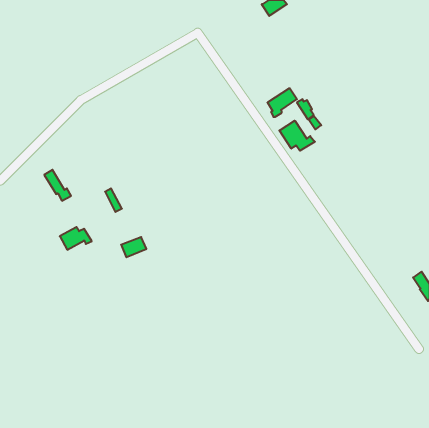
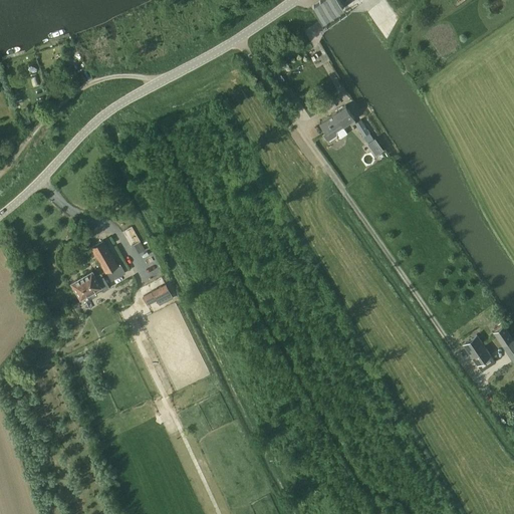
building: [279,121,315,151] -> none
building: [44,170,71,201] -> [93,243,125,280]
building: none -> [465,336,491,365]

